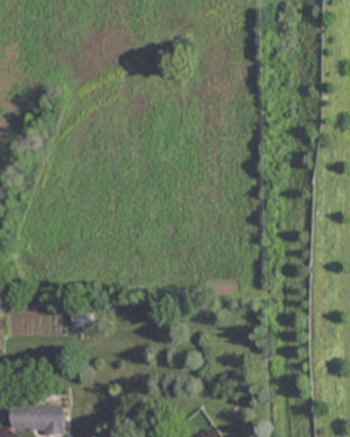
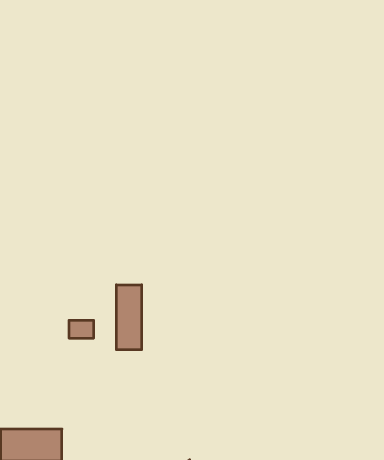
building: none -> [116,285,142,350]

